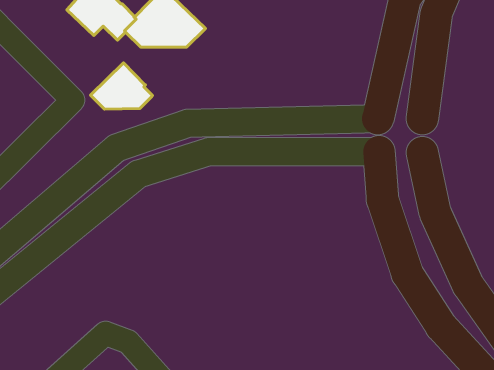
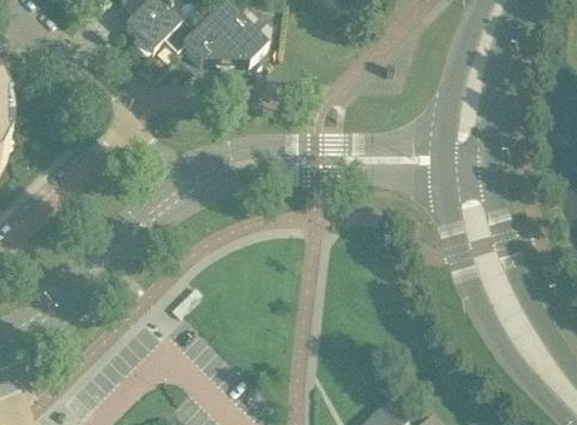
building: [90,63,153,109] -> none

